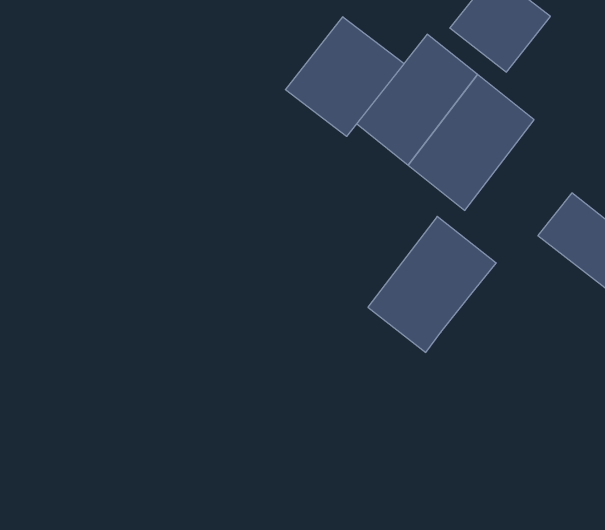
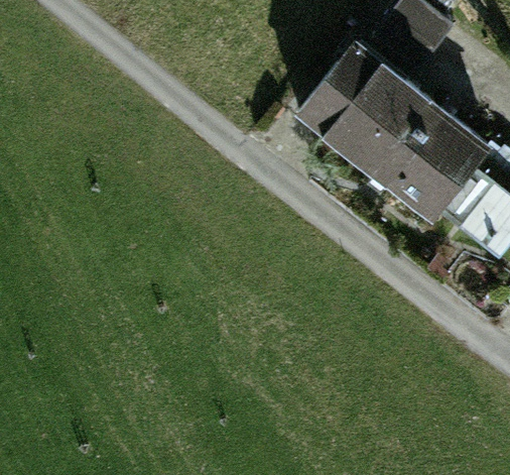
building: [285,17,404,136] -> none
building: [368,216,496,352] -> [385,112,488,221]

